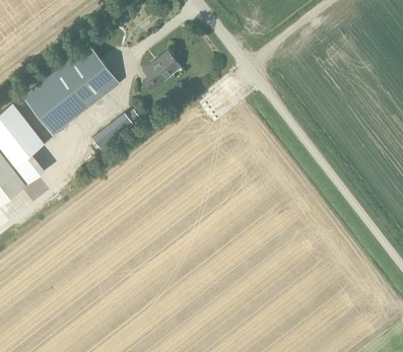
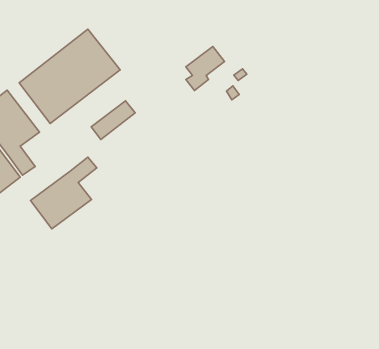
building: [142,52,179,93] -> [186,46,225,90]
building: none -> [31,157,97,229]

